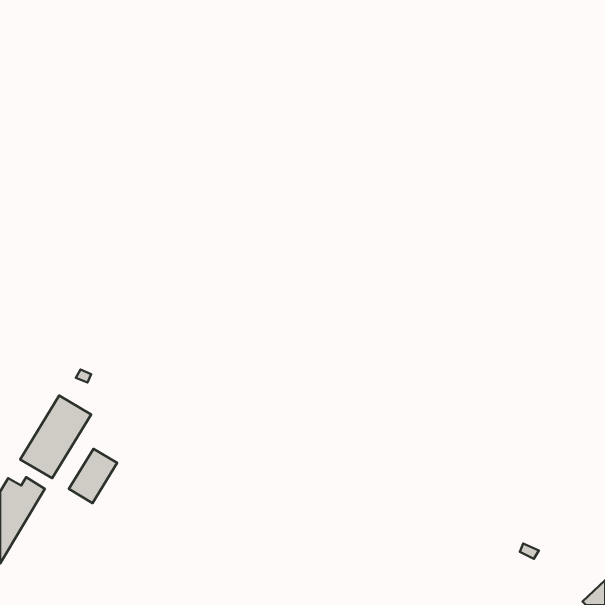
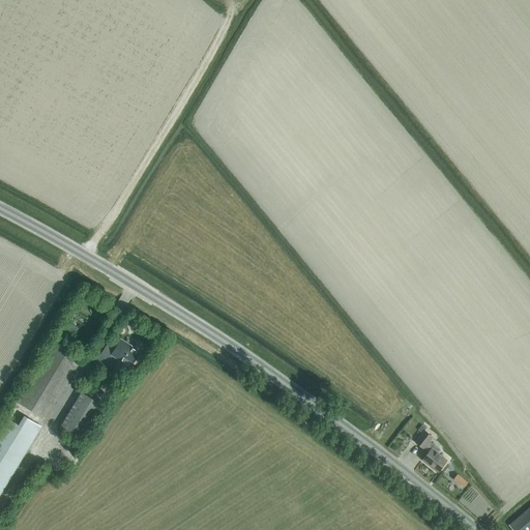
building: none -> [97,340,139,366]
building: none -> [414,431,446,472]

